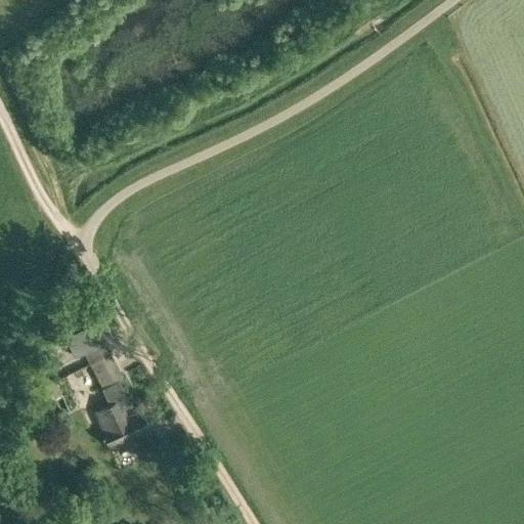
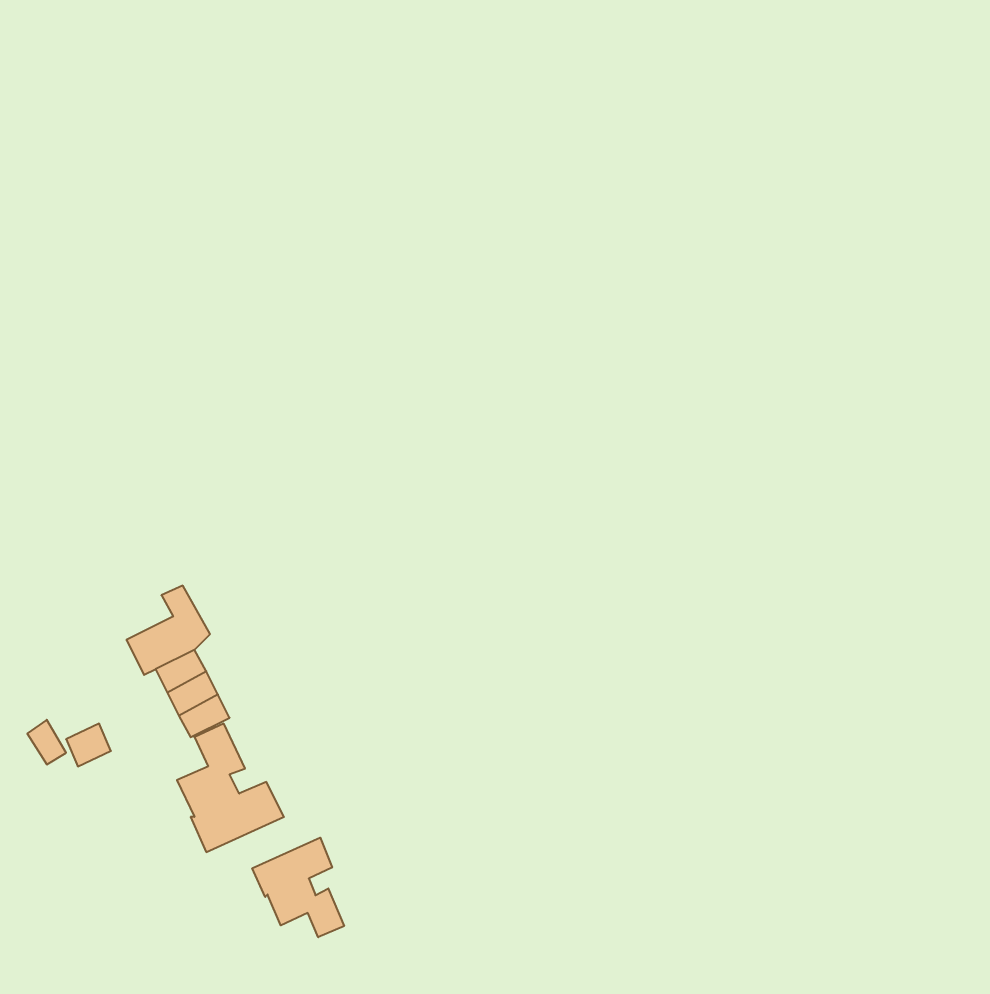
building: none -> [252,838,344,937]

